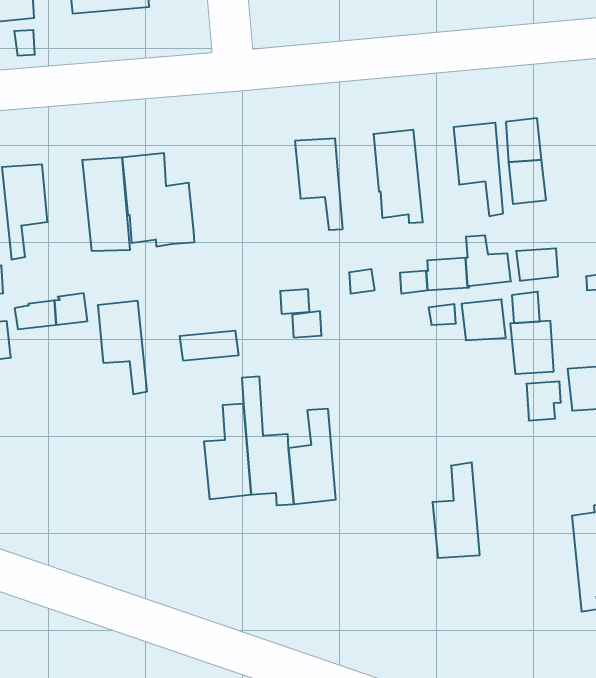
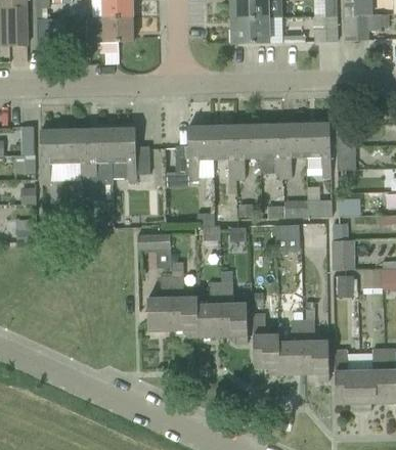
building: none -> [281,123,306,177]
building: none -> [235,124,259,178]
building: none -> [175,125,213,179]
building: [98,301,147,394] -> [63,128,89,182]
building: none -> [221,282,248,343]
building: none -> [303,308,329,380]
building: none -> [253,313,279,374]
building: none -> [334,350,361,410]

